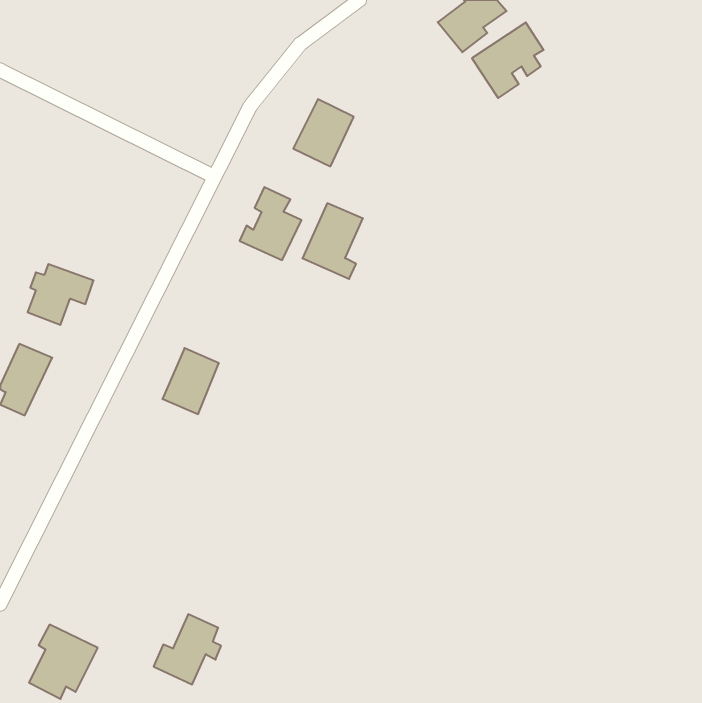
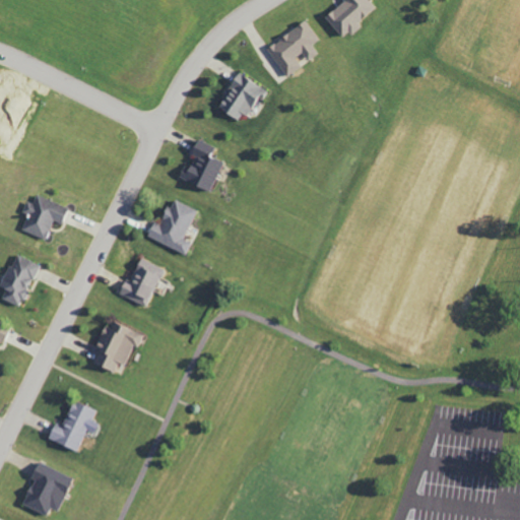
building: [472,22,544,98] -> [267,20,320,76]
building: [302,203,363,279] -> [151,198,196,254]
building: none -> [93,322,142,372]
building: [154,614,221,684] -> [48,400,98,452]

